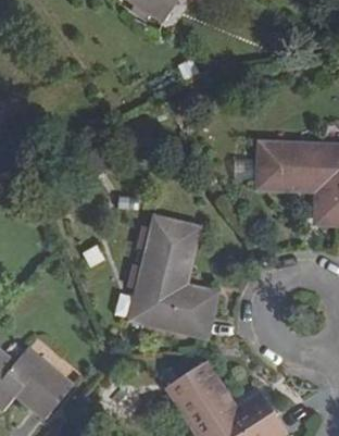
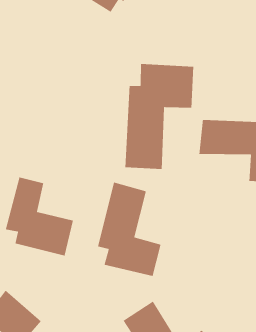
building: none -> [124,63,194,170]
building: none -> [5,176,74,257]

